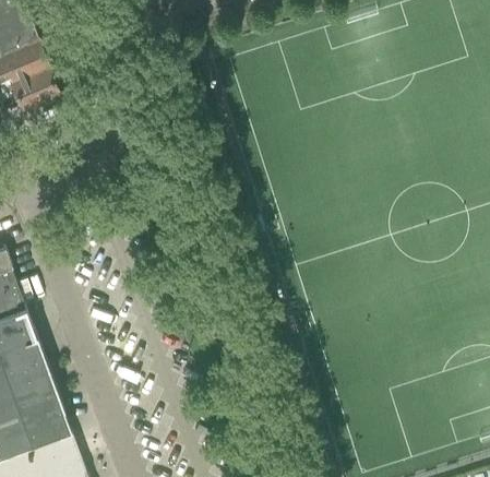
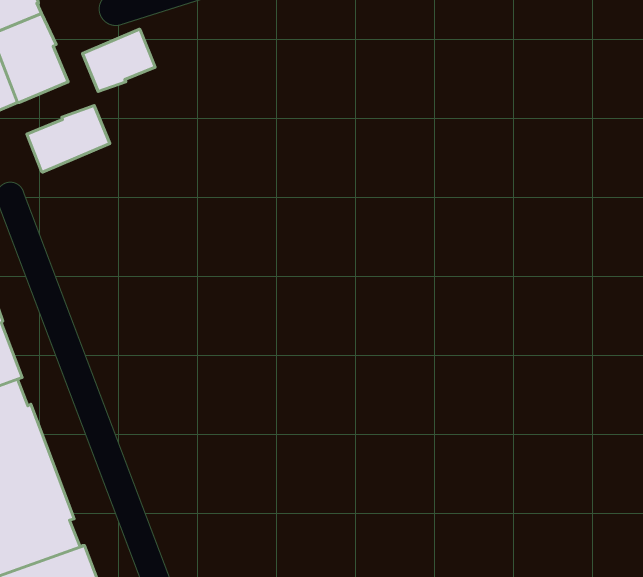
building: none -> [83,29,155,92]
building: none -> [27,105,110,172]

